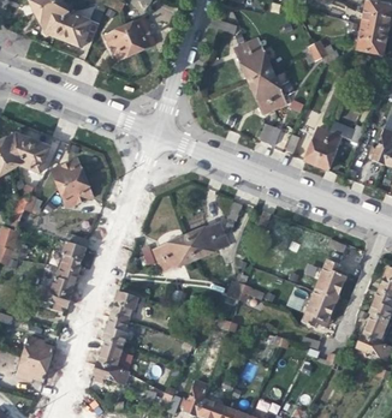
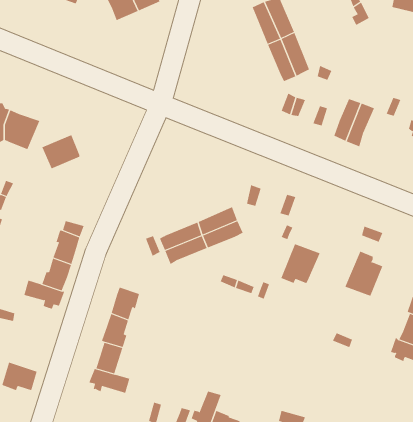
building: [60,178,94,208] -> none
building: [303,291,338,326] -> [281,244,321,284]
building: [23,336,54,364] -> none

